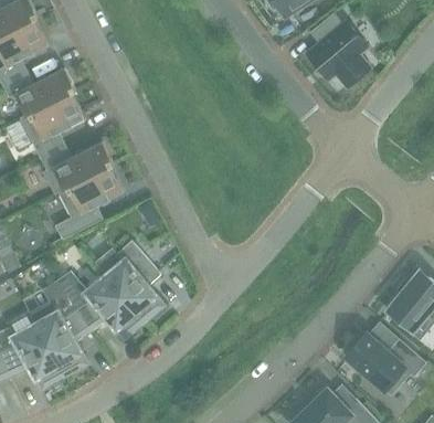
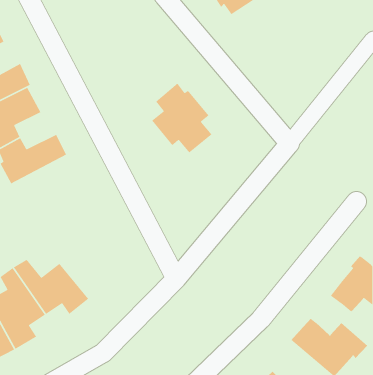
building: [306,13,370,87] -> [151,83,213,153]
building: [54,163,124,241] -> none
building: [105,241,160,314] -> none

